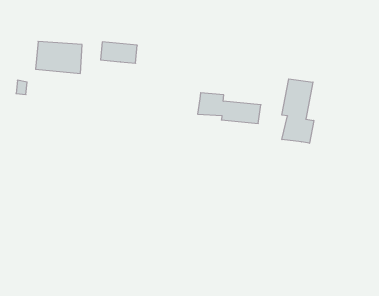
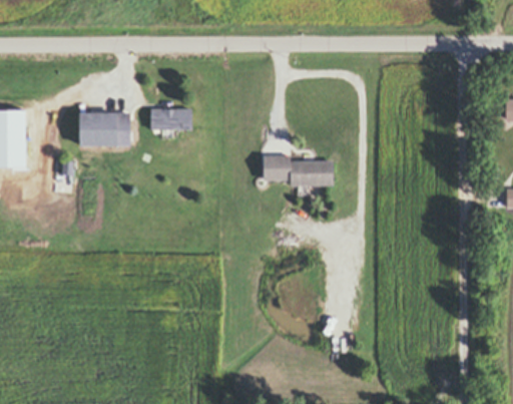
building: [282,79,314,143] -> none

